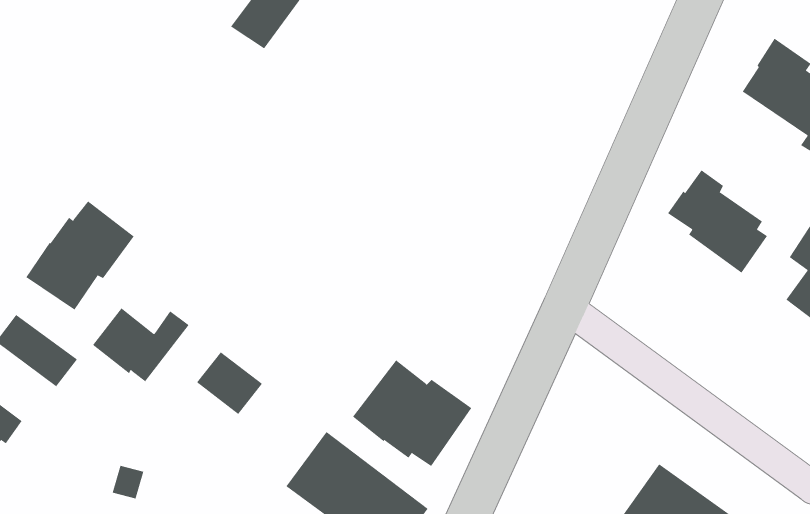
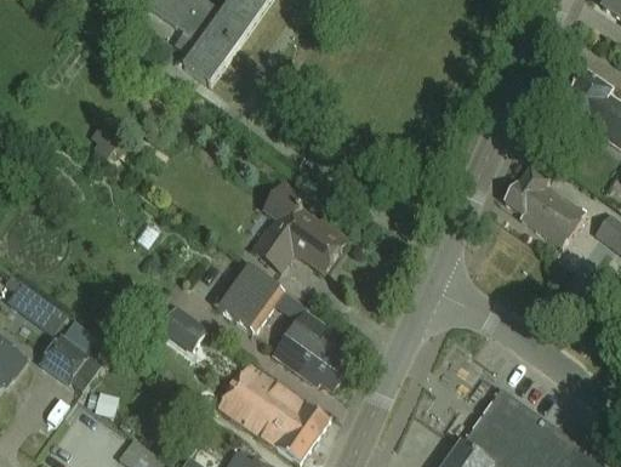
building: none -> [249,181,344,267]
building: [26,201,134,310] -> none
building: none -> [213,262,281,331]
building: [92,307,189,382] -> [39,336,112,392]

